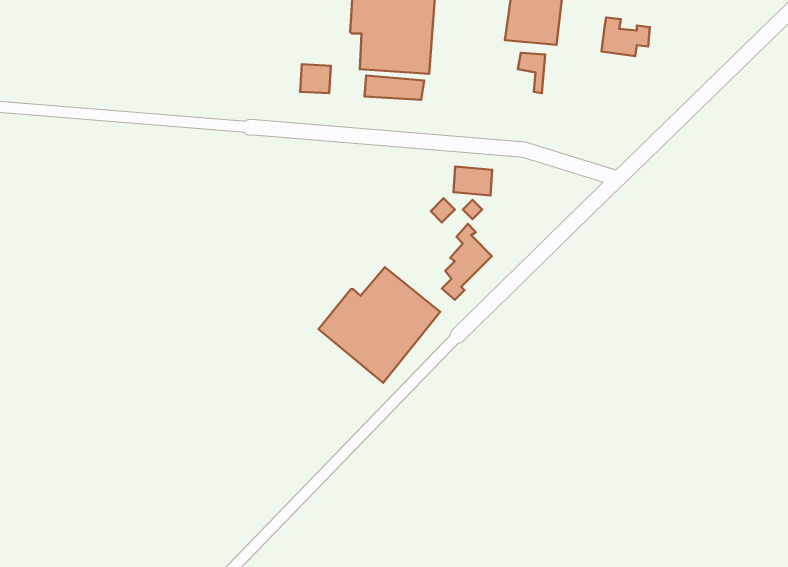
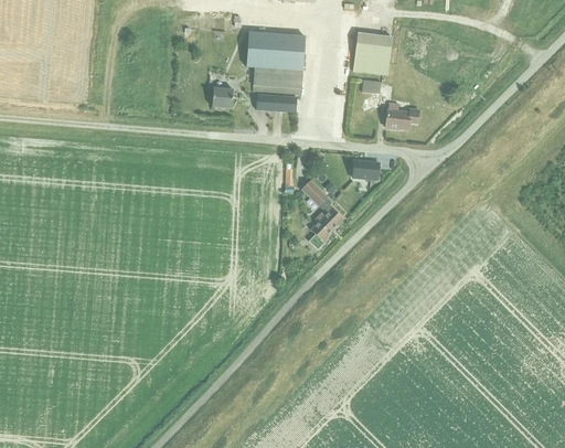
building: [601,18,650,56] -> [385,103,418,129]
building: [453,166,492,195] -> [352,159,379,179]
building: [318,267,440,383] -> none

